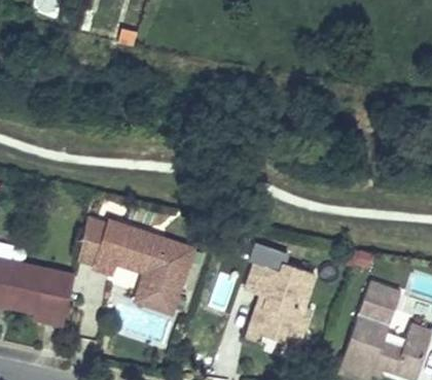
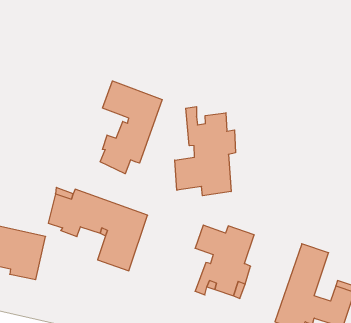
building: none -> [100,81,162,174]
building: none -> [175,107,235,196]

